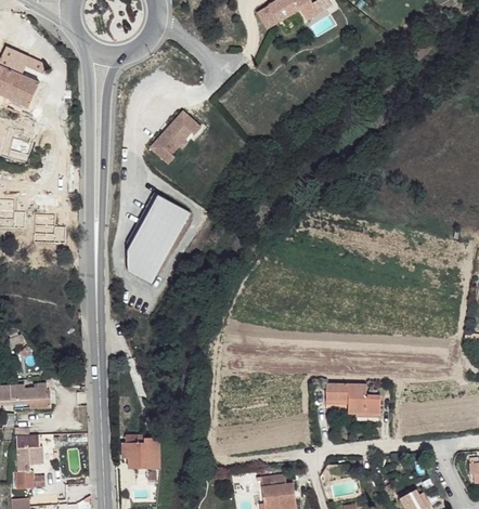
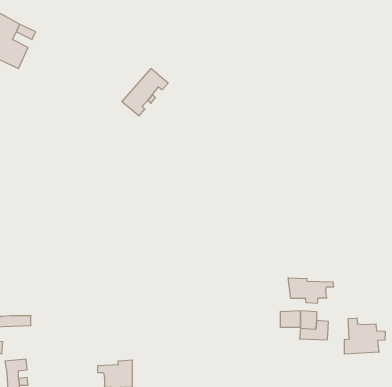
building: [127,198,191,287] -> none
building: none -> [288,278,334,303]
building: none -> [344,318,385,354]

